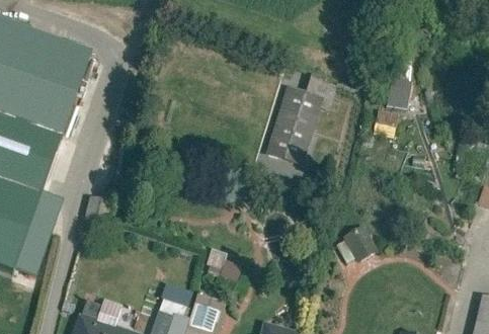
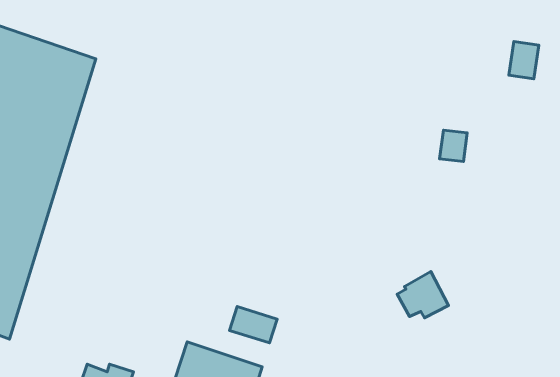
building: [388,77,412,107] -> [509,41,539,79]
building: [259,84,326,184] -> none

